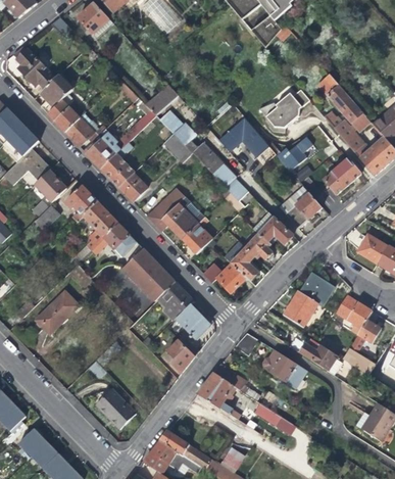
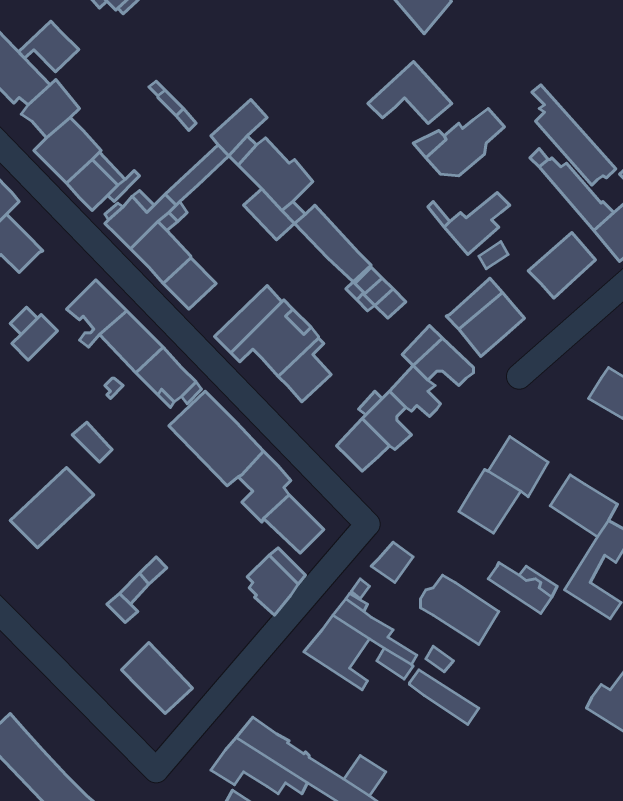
building: none -> [18,21,79,72]
building: [219,116,266,151] -> [368,61,452,123]
building: [35,170,66,202] -> none

